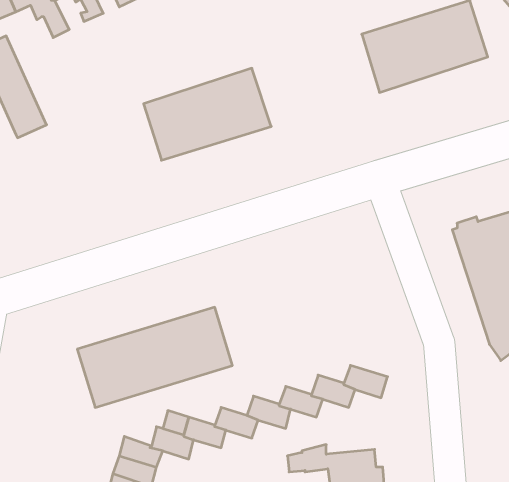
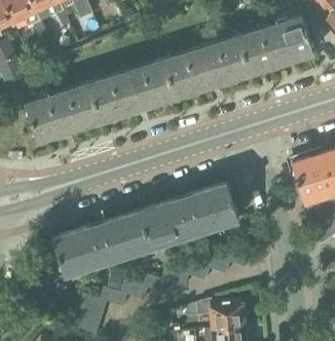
building: none -> [163,37,245,96]
building: none -> [26,81,106,140]
building: none -> [140,183,238,248]

